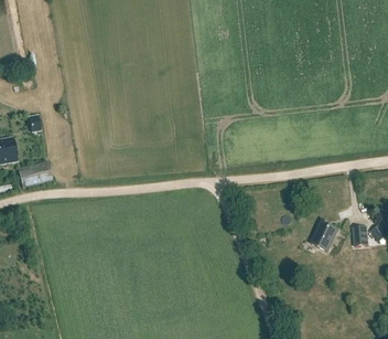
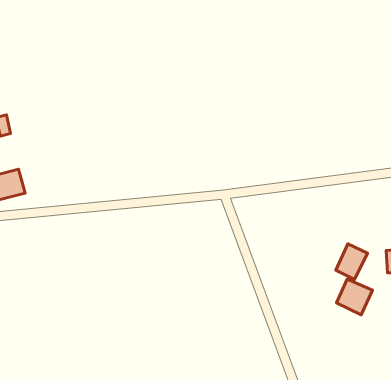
building: none -> [337,279,373,315]

